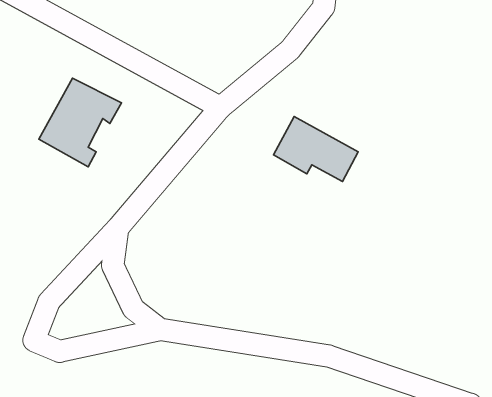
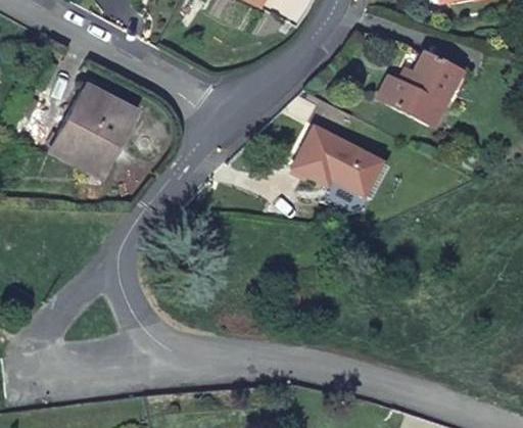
building: none -> [377,52,462,127]

